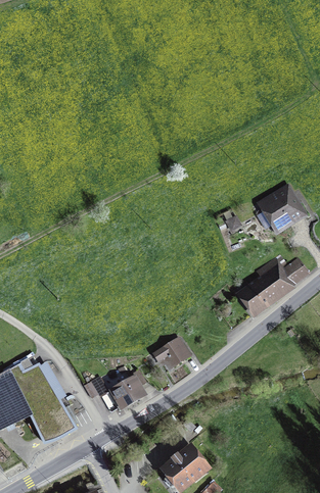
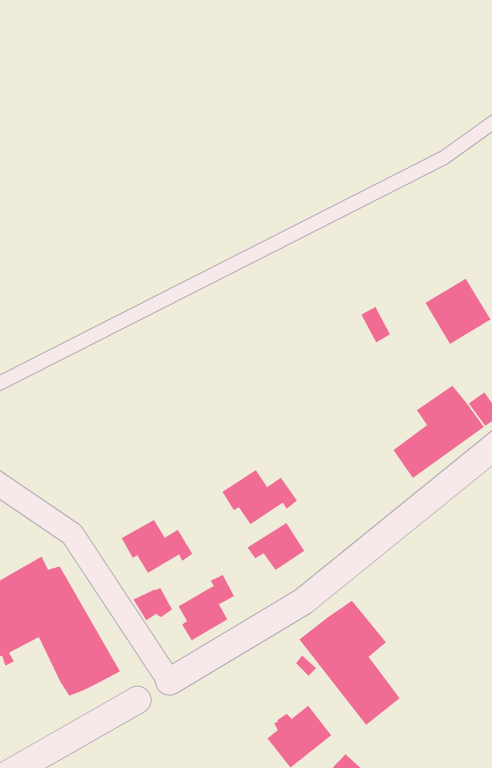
building: none -> [221,469,298,525]
building: none -> [121,519,193,574]
building: none -> [299,600,400,726]

